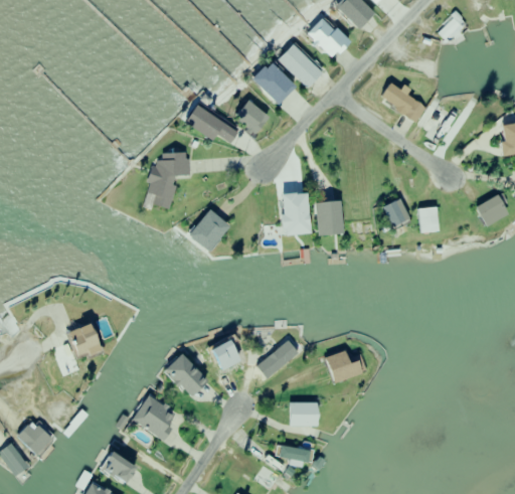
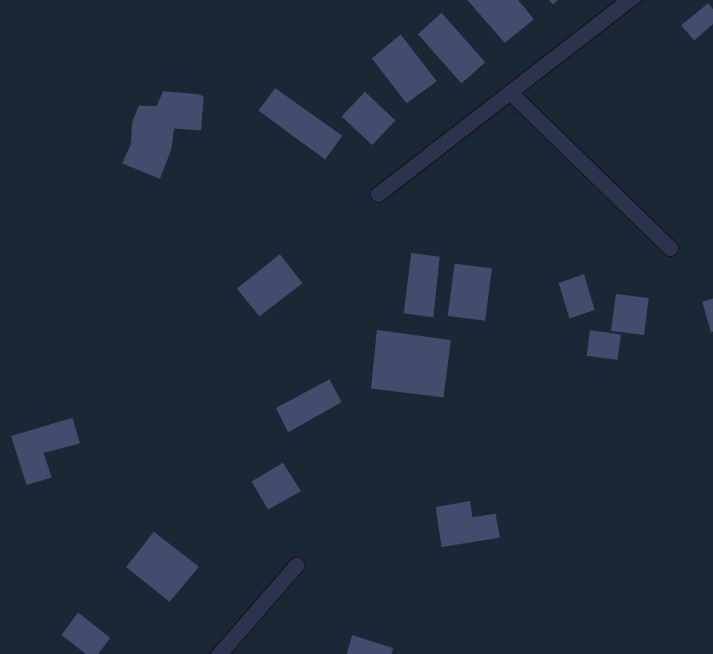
building: [380,81,462,139] -> none
building: [143,152,191,209] -> [121,91,205,180]
building: none -> [586,330,621,361]
building: none -> [371,329,452,398]
building: [262,337,304,375] -> [275,378,343,433]
building: [164,353,207,395] -> none
building: [290,402,319,425] -> none

